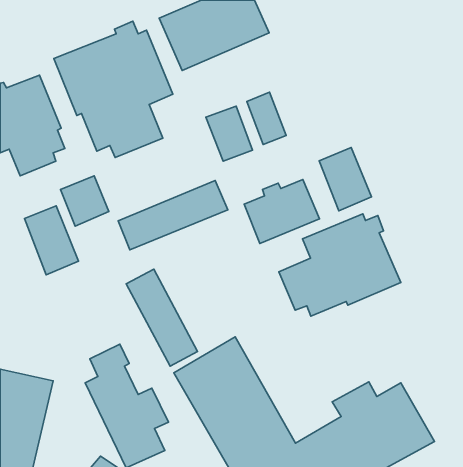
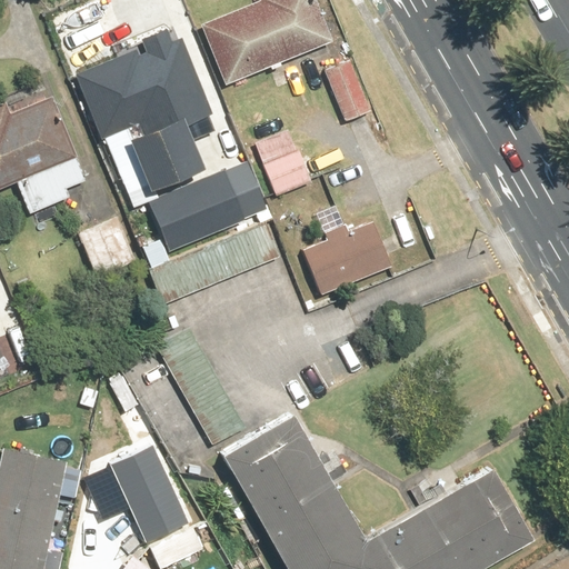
building: [247,92,286,145] -> [326,59,373,122]
building: none -> [147,171,244,252]
building: [319,148,372,211] -> none
building: [24,206,79,275] -> none
building: [279,214,401,316] -> none

